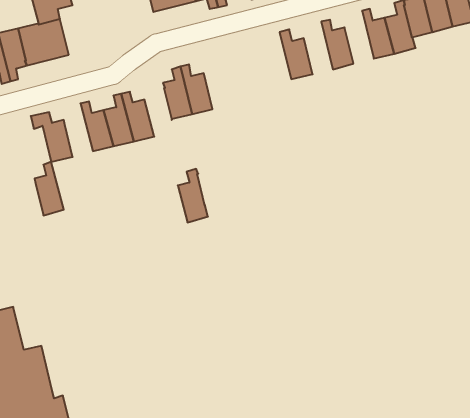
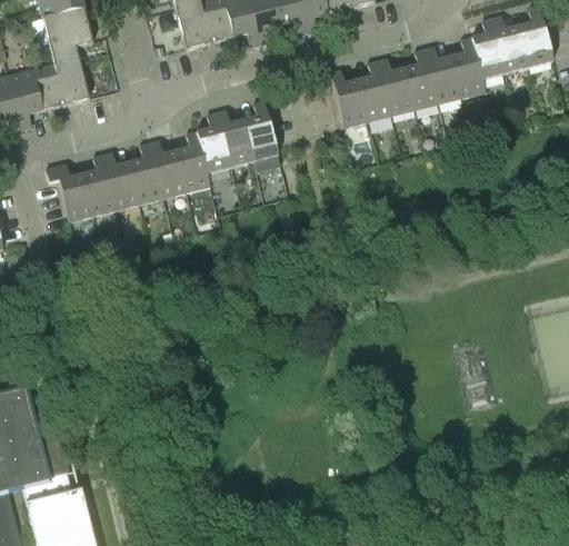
building: none -> [403,48,437,108]
building: none -> [357,60,390,120]
building: none -> [242,100,277,160]
building: [35,162,64,215] -> [82,153,116,215]
building: [178,169,208,222] -> [174,130,209,191]

